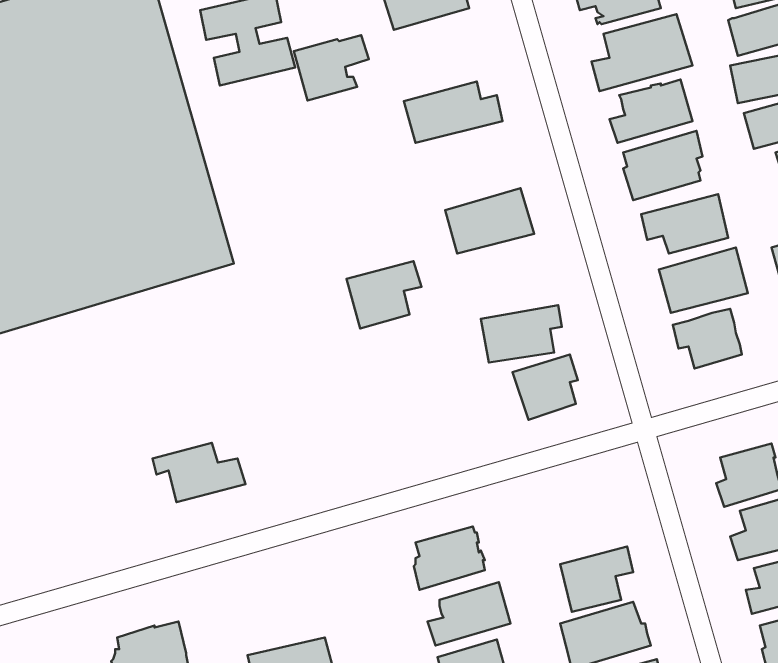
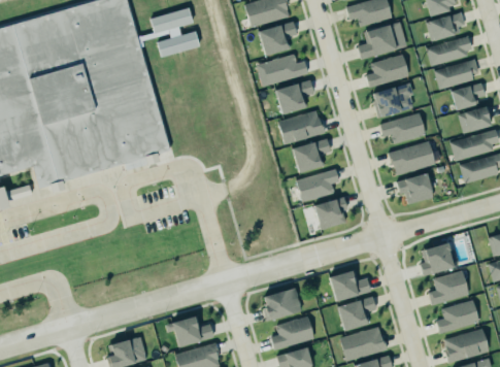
building: [294,35,369,101] -> [257,21,296,55]
building: none -> [277,81,314,114]
building: [346,261,421,328] -> [293,139,332,174]
building: [153,443,246,502] -> [167,316,215,347]
building: none -> [331,270,372,302]

